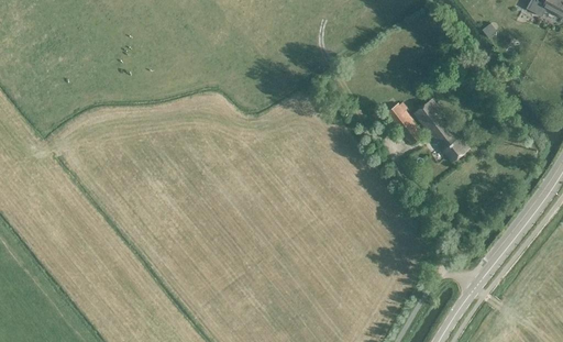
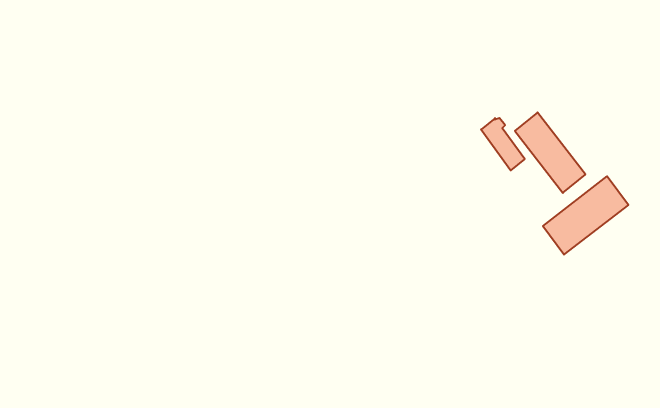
building: none -> [543,176,628,255]

